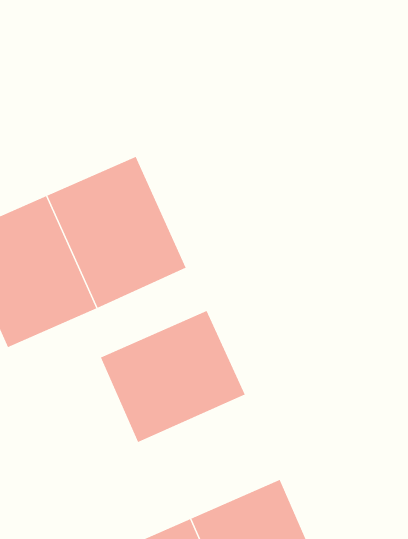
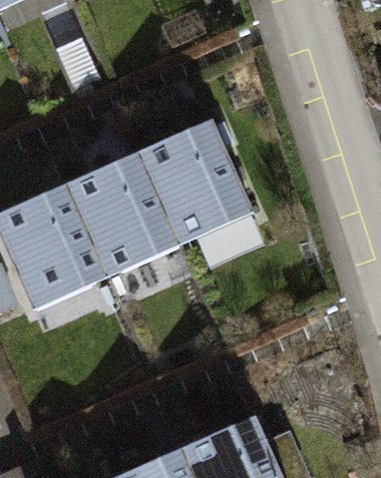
building: none -> [138,120,253,245]
building: [100,310,245,443] -> none

